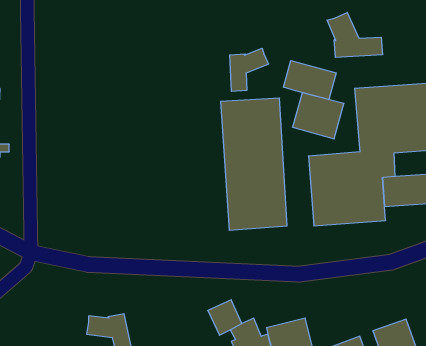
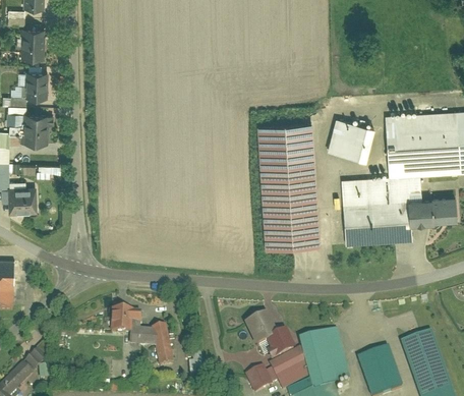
building: [327,12,382,57] -> none
building: [230,48,268,91] -> none
building: [283,61,336,100] -> none
building: none -> [111,308,142,335]

